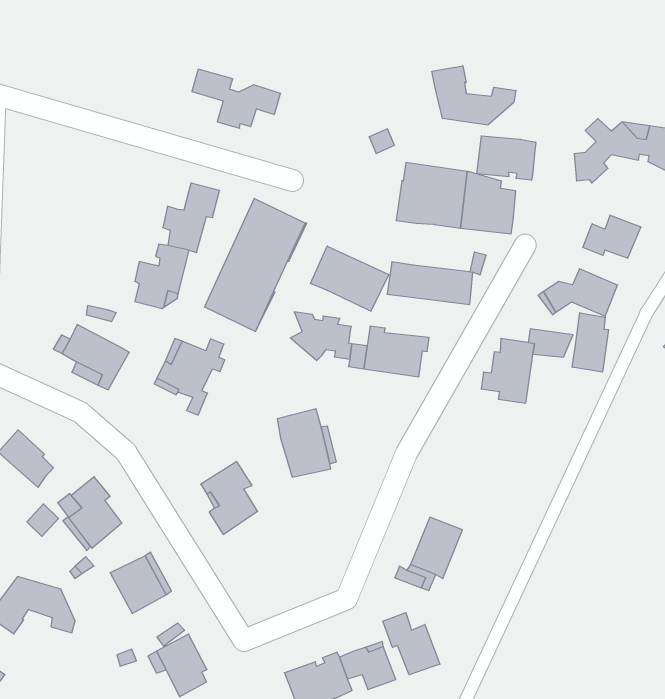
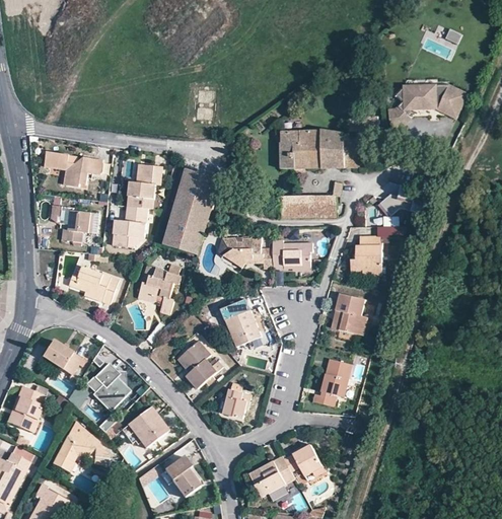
building: [432,66,516,125] -> none
building: [192,69,281,128] -> [44,151,101,186]
building: [477,136,536,180] -> none
building: [583,215,641,258] -> none
building: none -> [50,204,90,240]
building: [311,246,389,311] -> none
building: [572,313,608,372] -> none
building: none -> [331,292,368,335]
building: none -> [223,388,252,418]
building: [383,613,440,675] -> none

